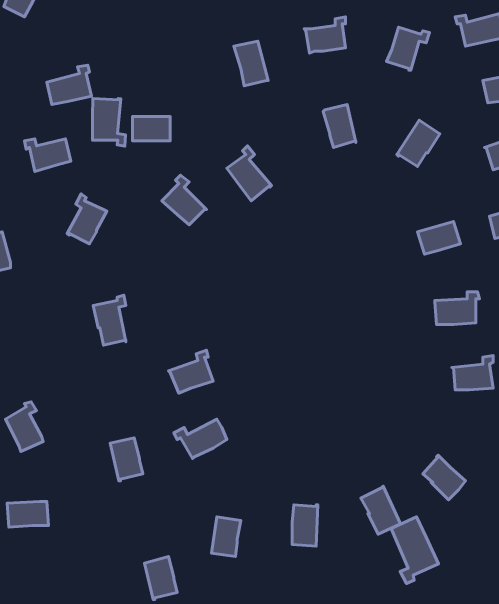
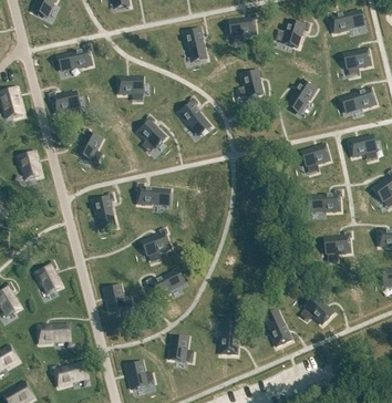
building: [92,98,126,146] -> none
building: none -> [136,184,166,206]
building: [391,517,438,583] -> none
building: none -> [51,365,83,386]

